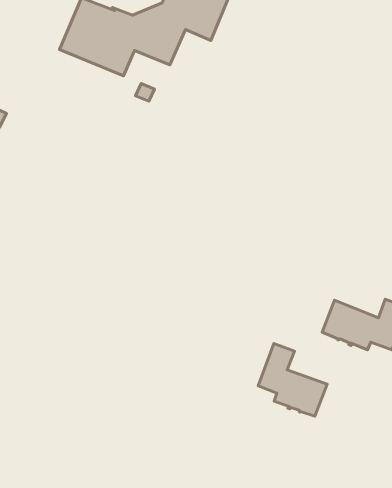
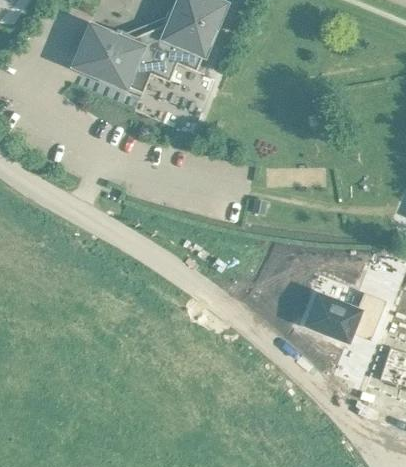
building: [258,343,327,416] -> none

